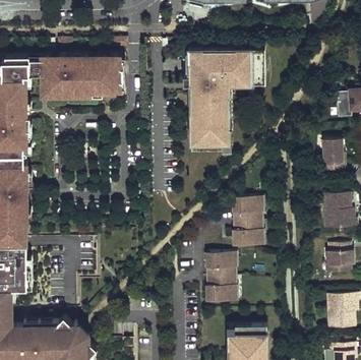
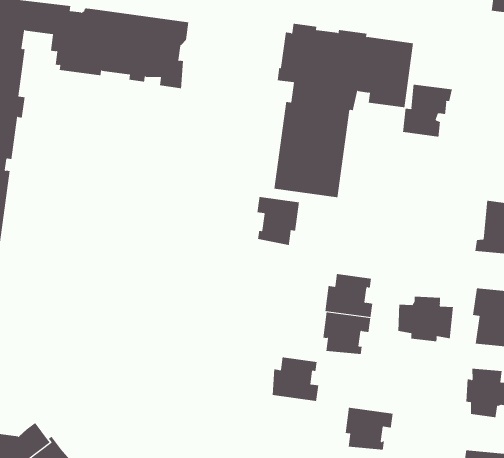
building: none -> [403,84,452,138]
building: none -> [257,196,299,246]
building: none -> [398,296,453,342]
building: [206,280,235,304] -> [345,407,394,450]

